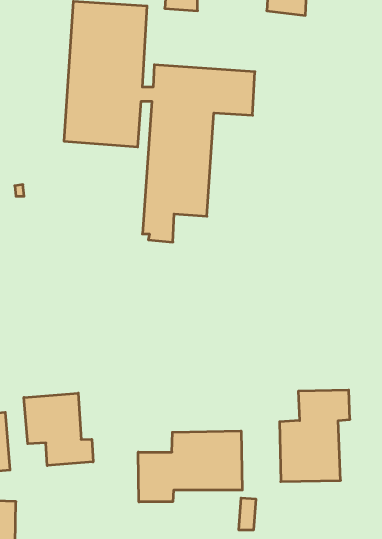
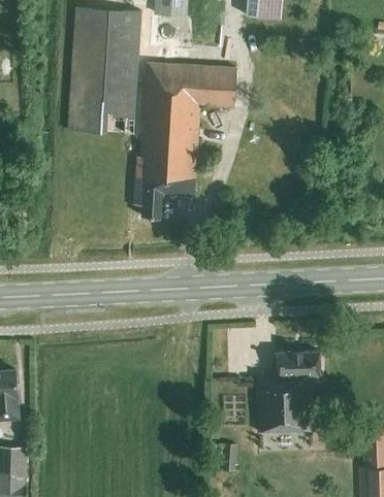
building: [24,393,93,466] -> none
building: [138,431,242,502] -> none

